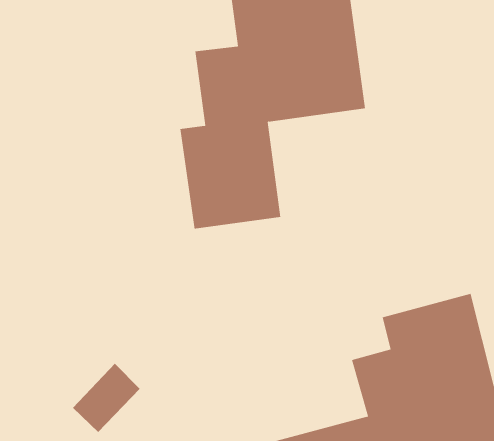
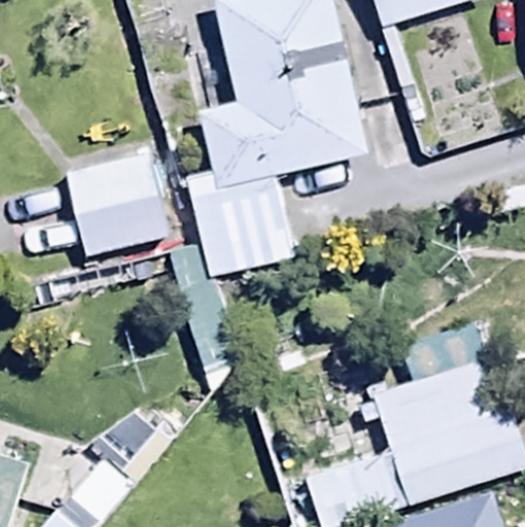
building: none -> [66,153,169,255]

